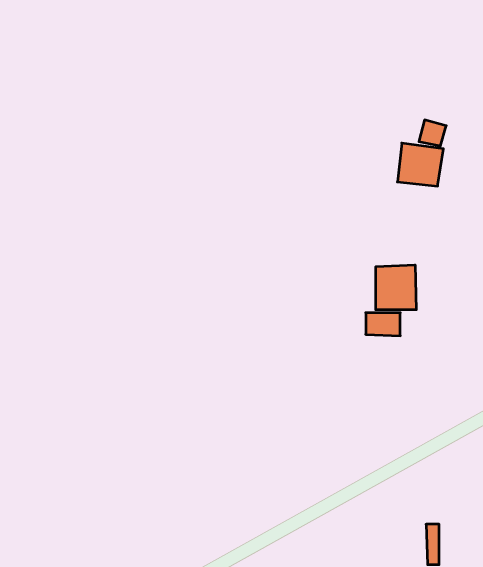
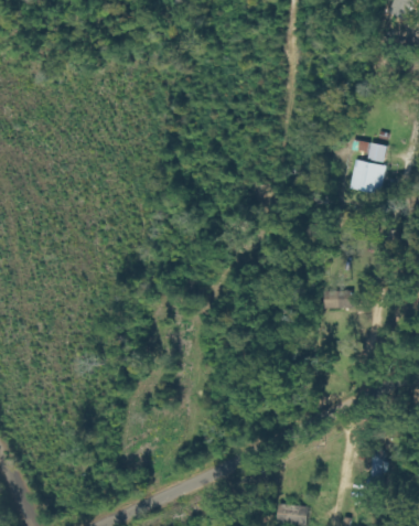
building: [376,265,416,310] -> none

